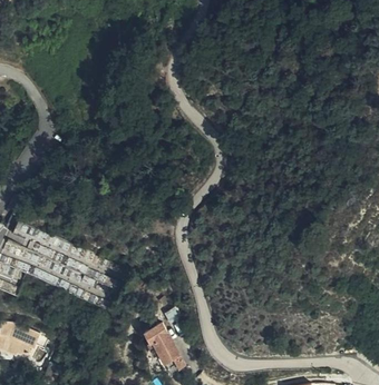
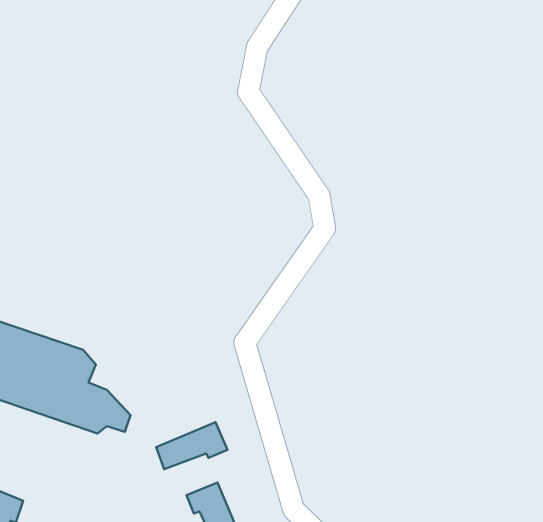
building: none -> [156,422,227,469]

